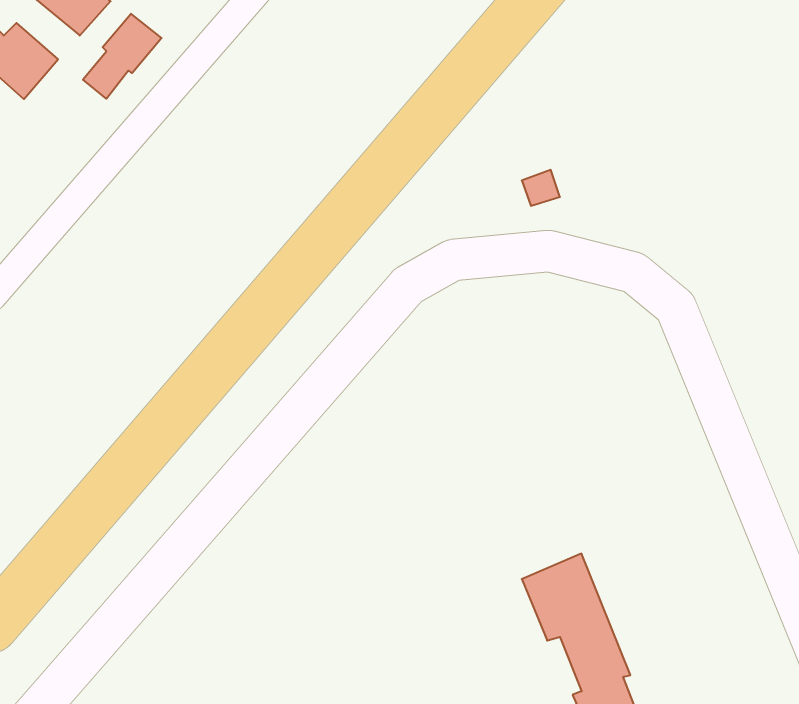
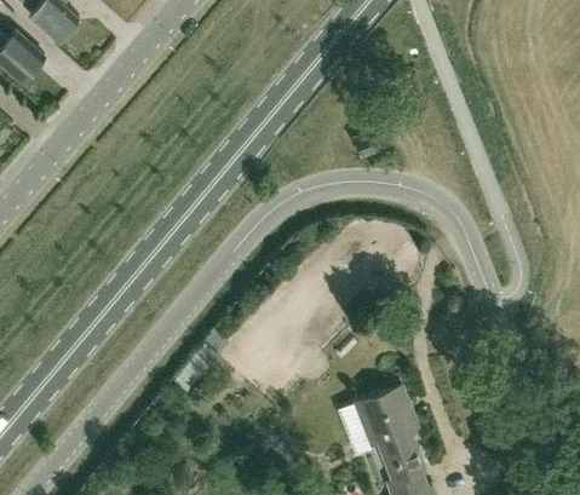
building: [83,14,162,99] -> none

